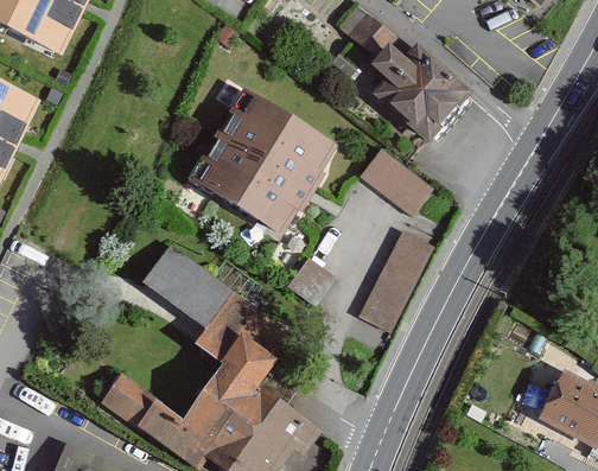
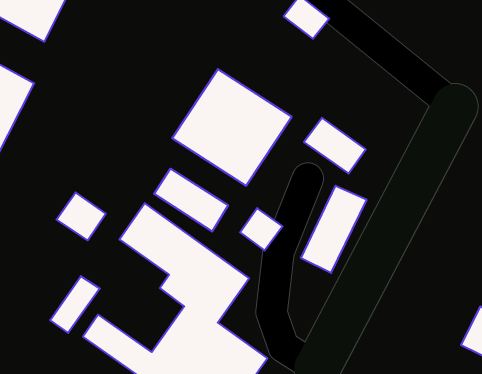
building: [364,47,463,144] -> none
building: none -> [154,169,228,232]
building: none -> [56,192,106,240]
building: none -> [50,276,100,333]

